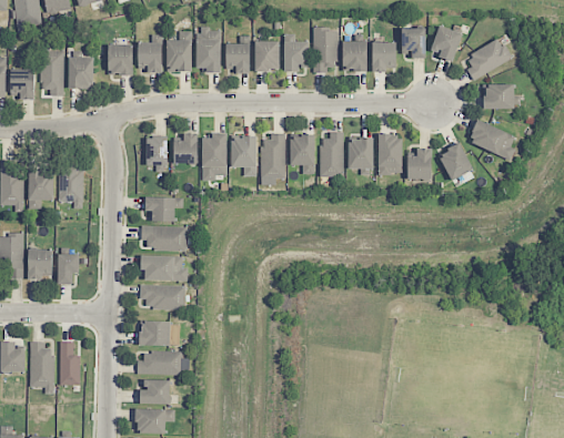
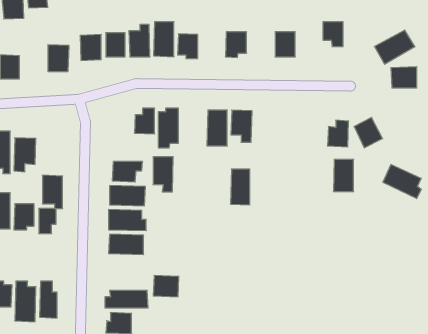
building: [431,26,462,62] -> none
building: [312,28,338,73] -> none
building: [254,41,279,70] -> none
building: [372,42,396,70] -> none
building: [41,51,64,94] -> none
building: [469,120,515,161] -> [383,165,421,199]
building: [232,134,256,176] -> [153,157,173,192]
building: [320,134,343,177] -> [230,169,250,205]
building: [377,135,402,174] -> [333,159,354,192]
building: [145,136,168,165] -> none
building: [349,137,373,170] -> none
building: [59,167,83,207] -> [42,175,63,208]
building: [140,320,171,346] -> [153,276,179,297]

